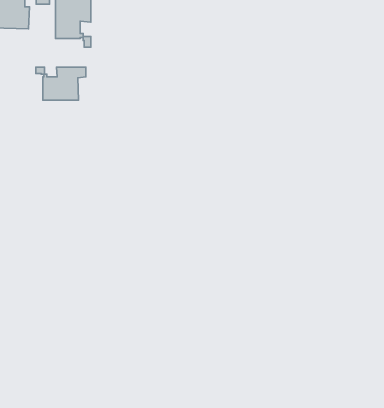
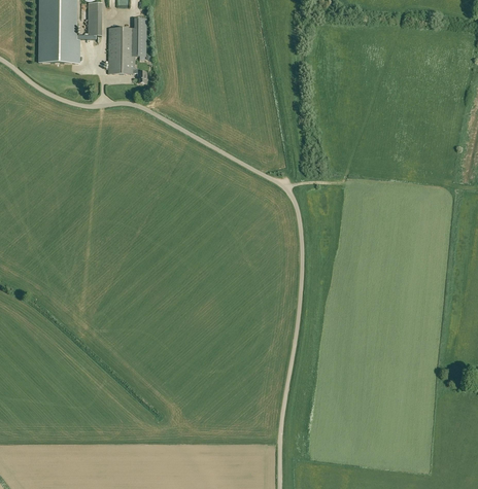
building: [36,67,86,100] -> none

